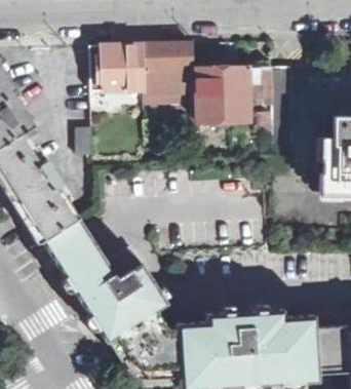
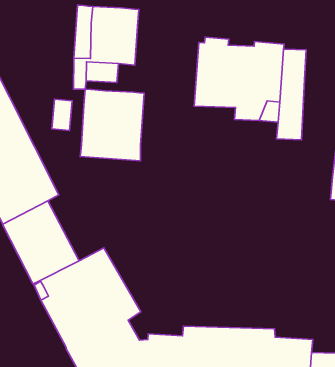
building: [142,45,195,105] -> [80,89,144,161]

